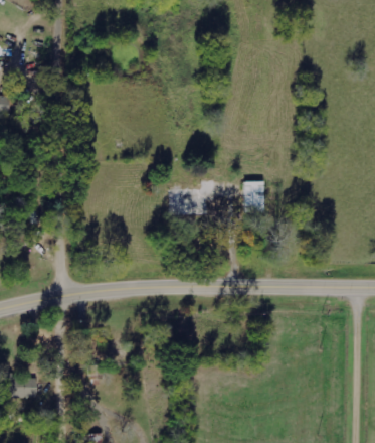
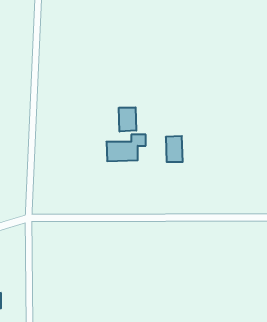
building: none -> [119,107,136,132]

